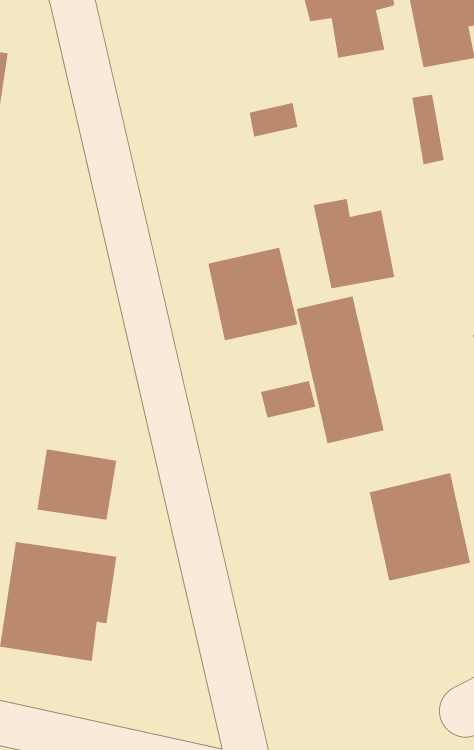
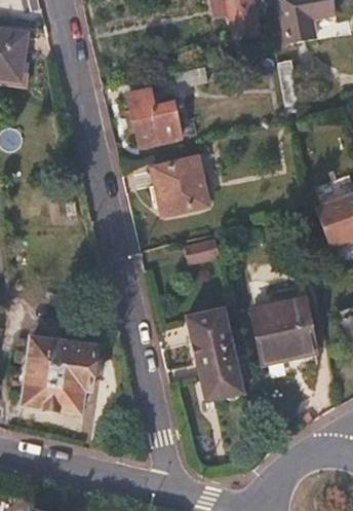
building: [313,198,395,289] -> [128,88,180,145]
building: [296,296,384,444] -> [188,307,243,400]
building: [37,448,117,520] -> none

